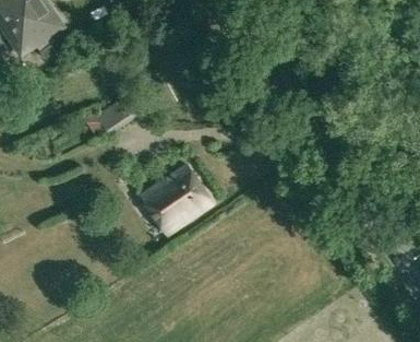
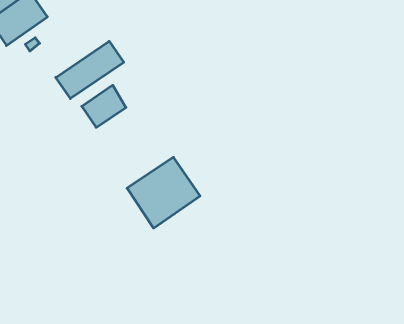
building: none -> [56,41,124,99]

